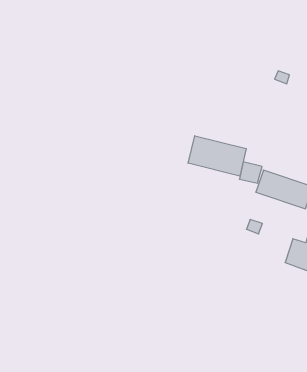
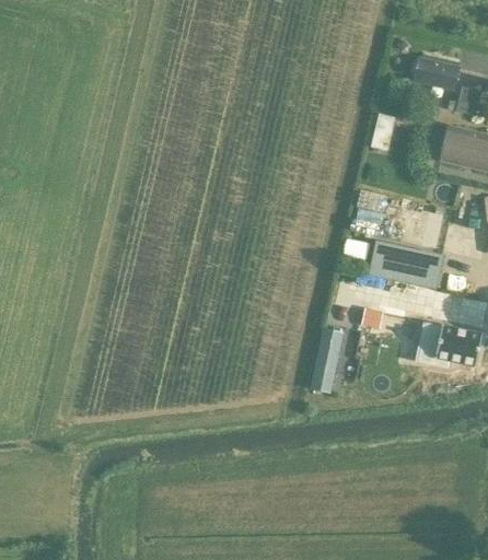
building: [188,136,246,176] -> none
building: none -> [311,326,342,390]

